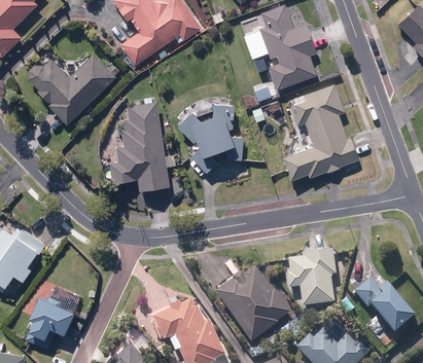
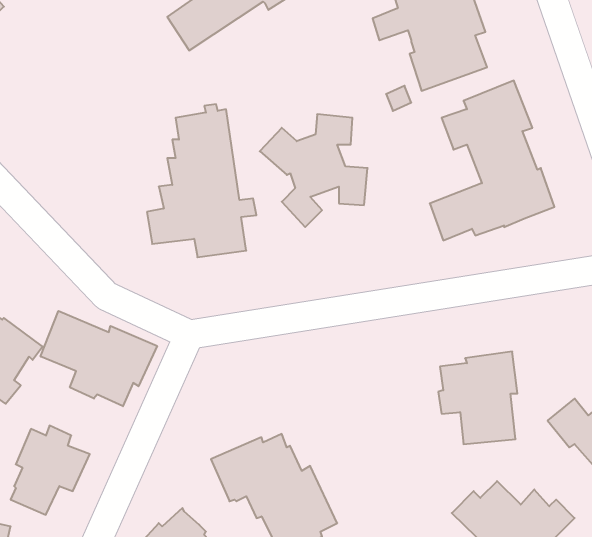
building: [28,53,118,124] -> none
building: none -> [41,311,157,406]
building: [215,266,290,341] -> none

